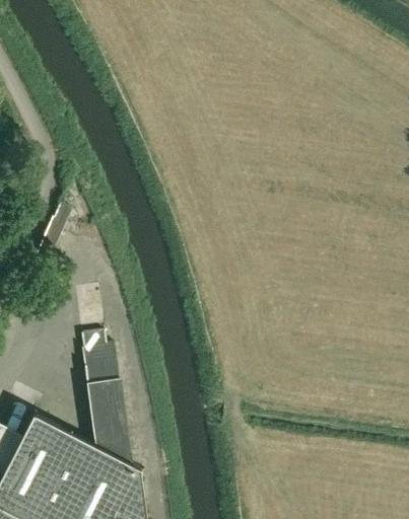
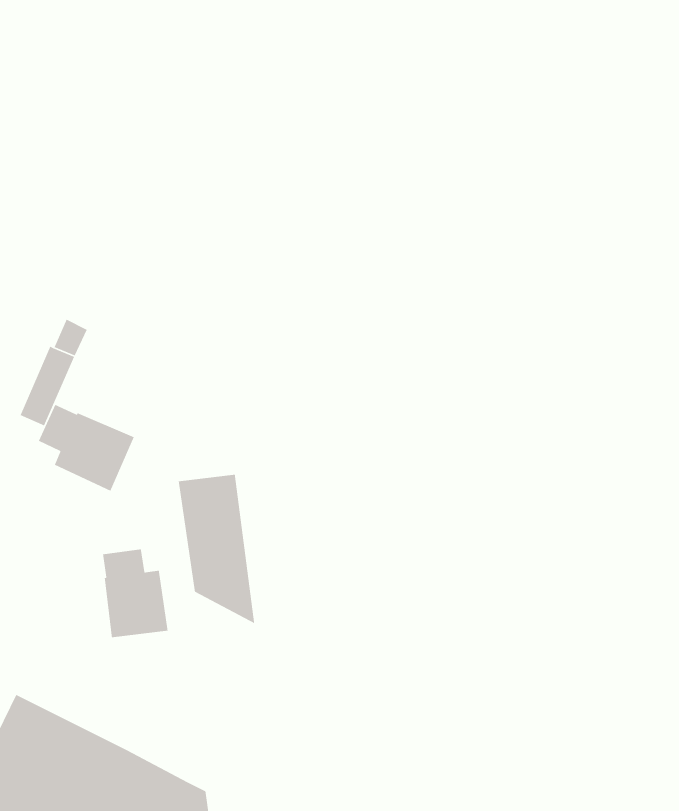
building: none -> [38,404,135,492]
building: [87,382,131,467] -> [178,474,255,624]

